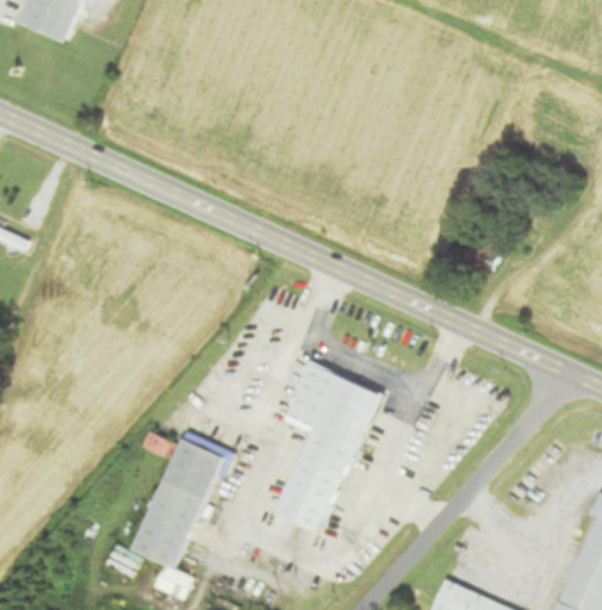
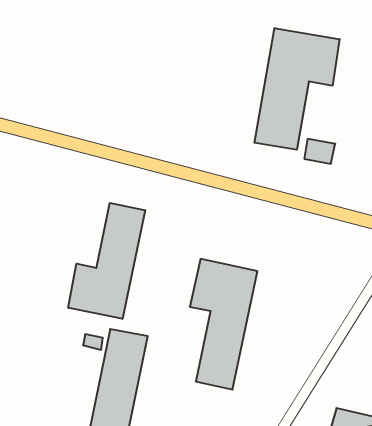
building: none -> [254,28,340,150]
building: none -> [68,203,145,319]

